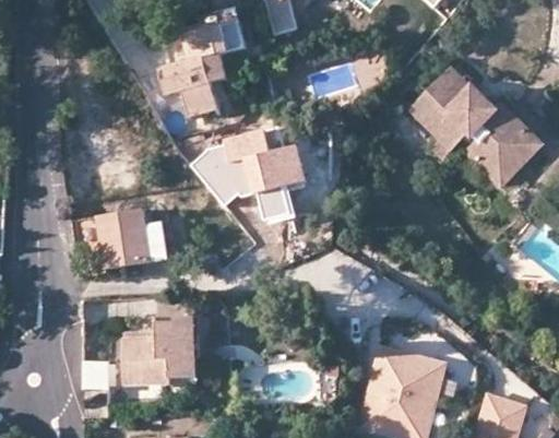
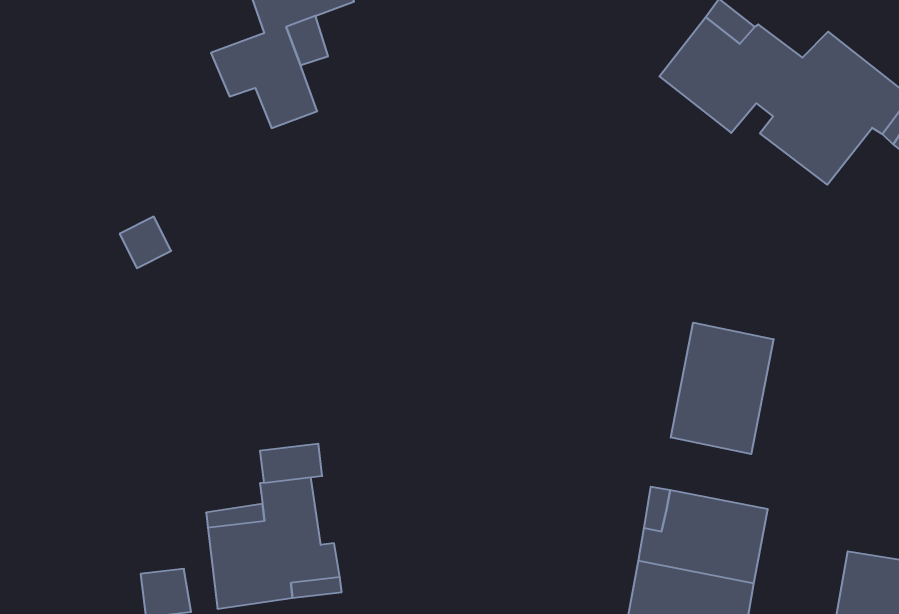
building: [189,128,307,218] -> none
building: [100,212,170,270] -> none
building: none -> [671,323,774,454]

